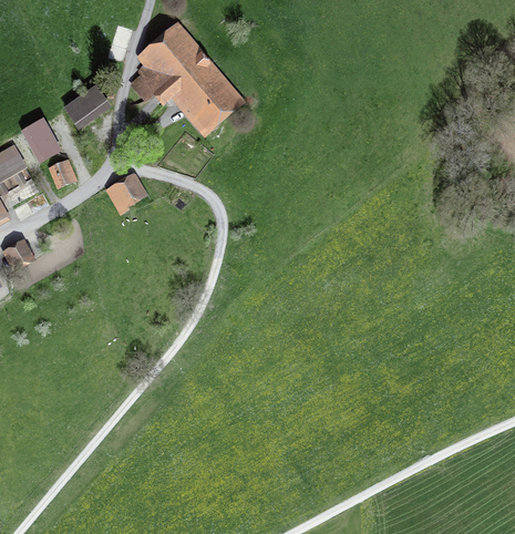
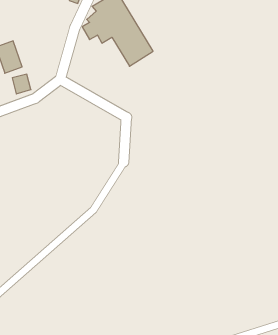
building: [68,89,105,122] -> none
building: [109,177,147,213] -> none

